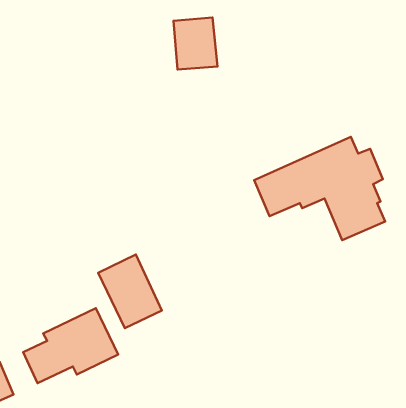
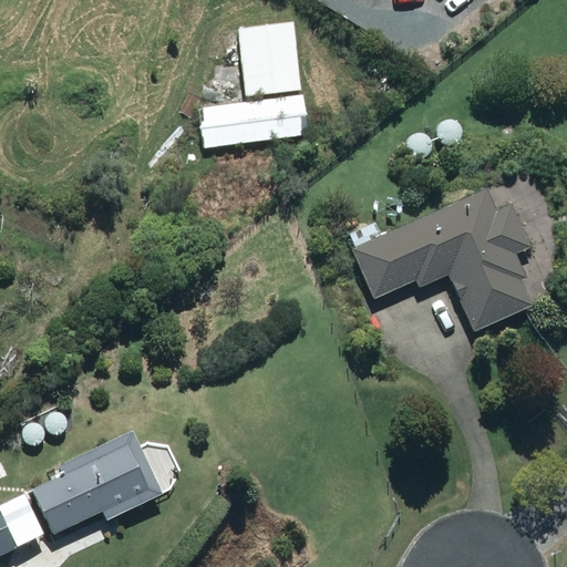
building: none -> [198,95,306,148]
building: [98,255,162,328] -> none

